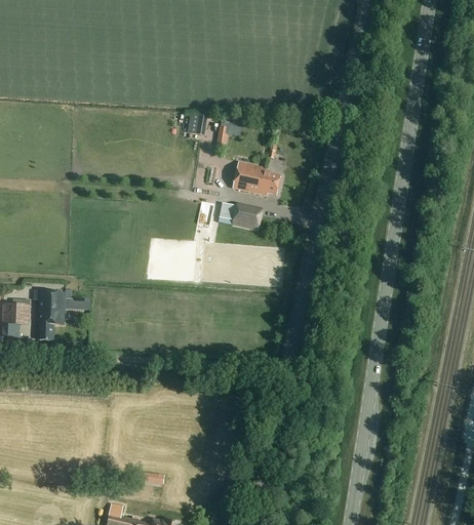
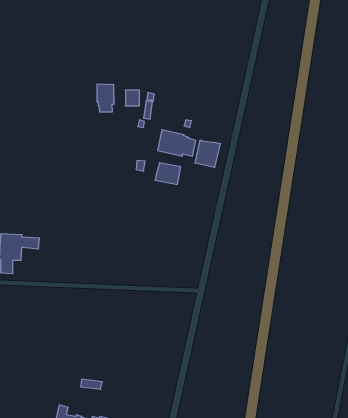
building: none -> [97,84,114,112]
building: none -> [195,140,220,168]

